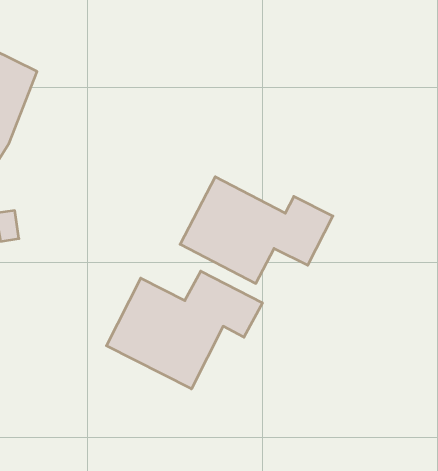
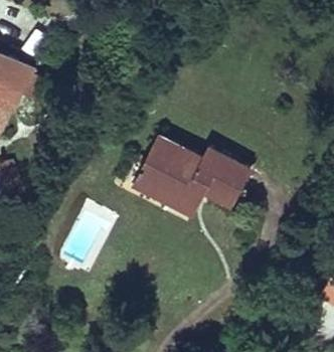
building: [106,271,262,389] -> none

